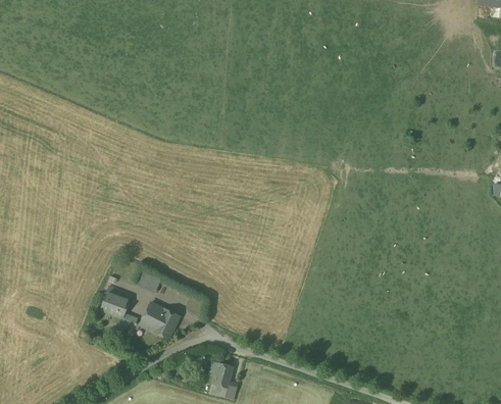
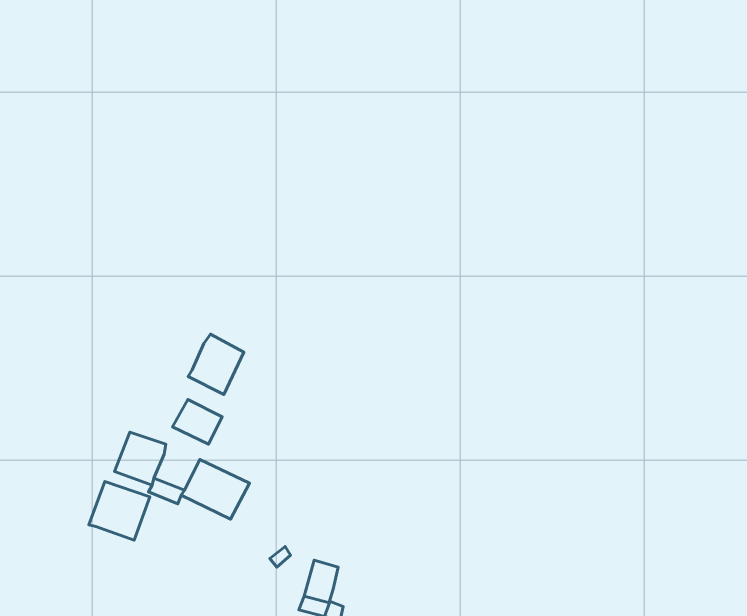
building: none -> [188,334,244,394]
building: none -> [89,482,150,540]

